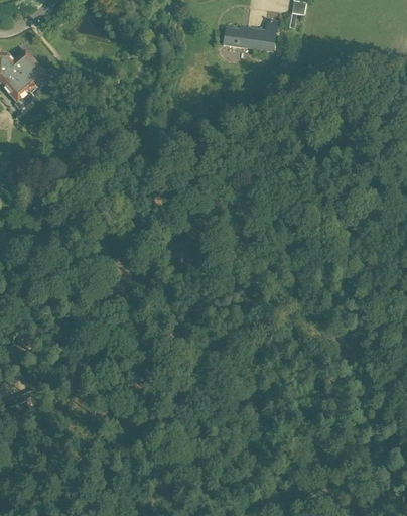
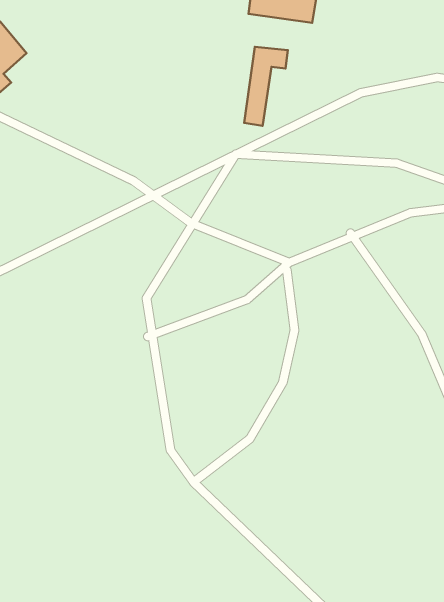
building: none -> [244,47,288,126]

